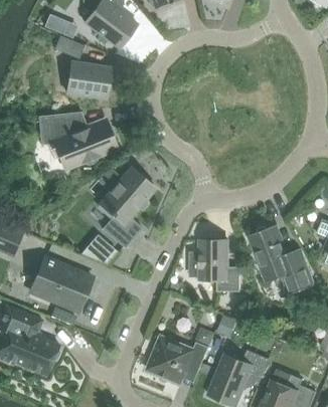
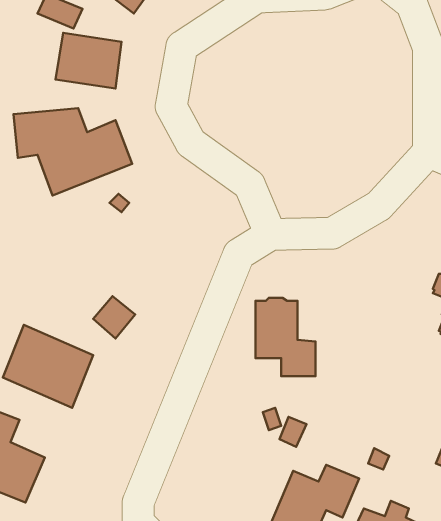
building: [100,167,156,247] -> none
building: [250,226,314,292] -> none
building: [148,336,209,383] -> none

